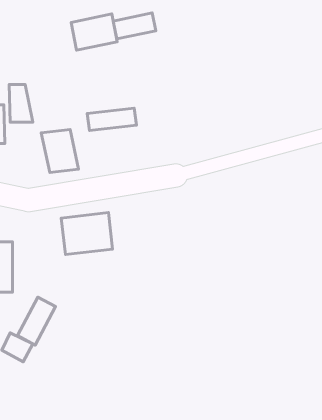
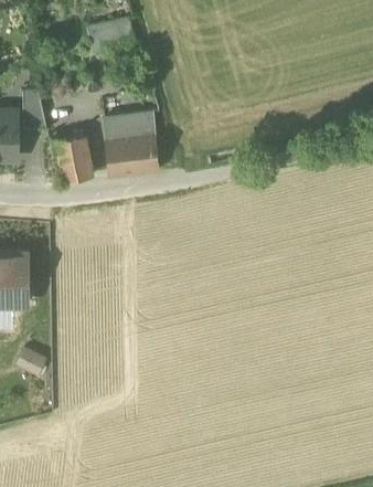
building: [113,13,156,39] -> none
building: [61,213,113,254] -> [105,131,158,174]
building: [18,297,56,345] -> none

